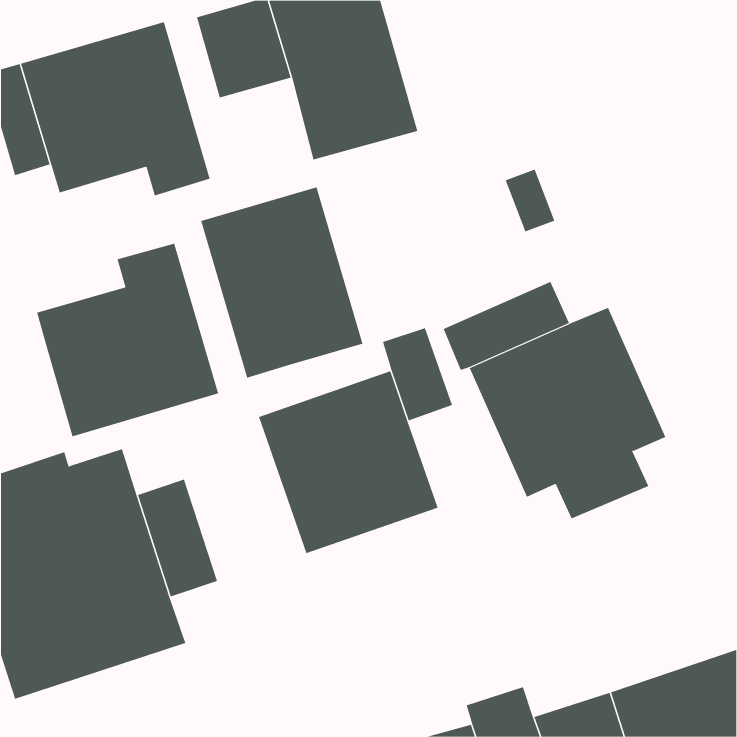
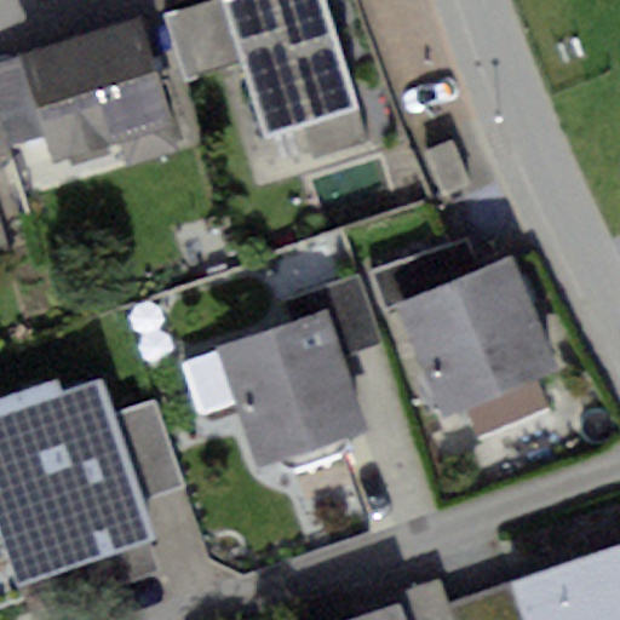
building: [200,186,363,378] -> none
building: [36,243,219,437] -> none

